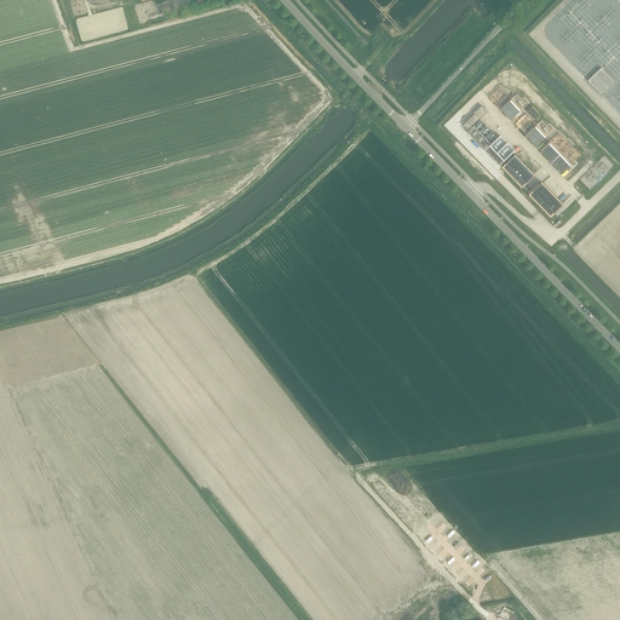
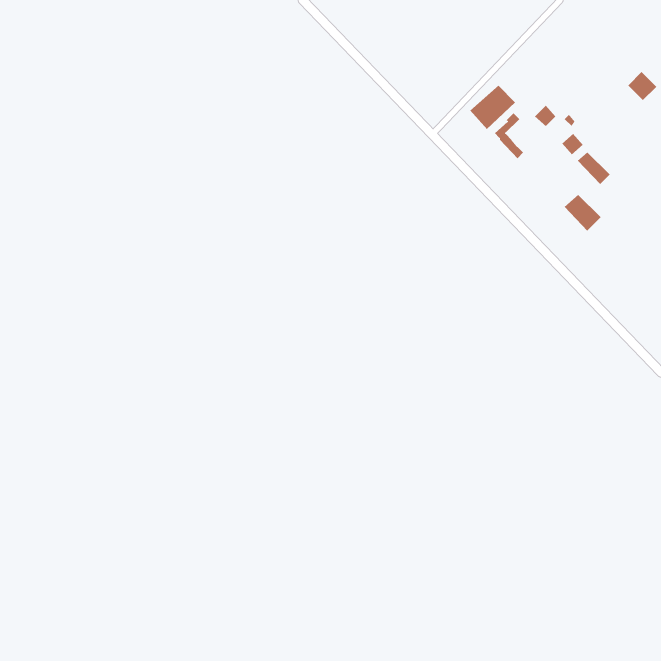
building: none -> [470,85,516,130]
building: [501,154,534,188] -> none

